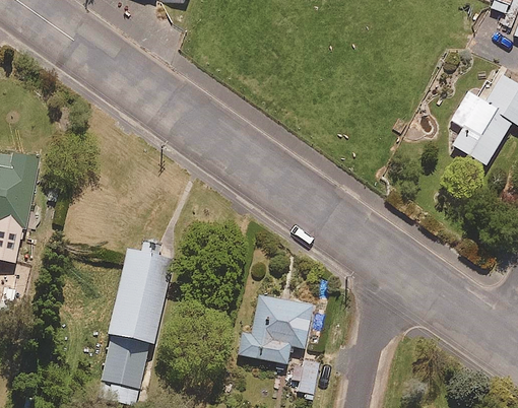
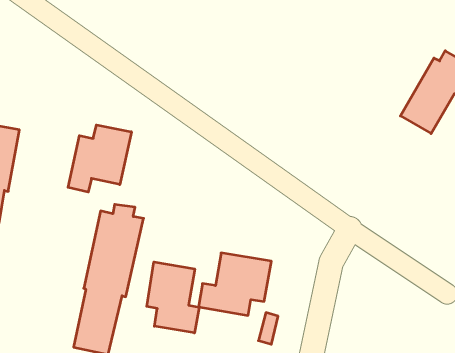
building: none -> [68,125,131,192]
building: none -> [147,262,199,333]

